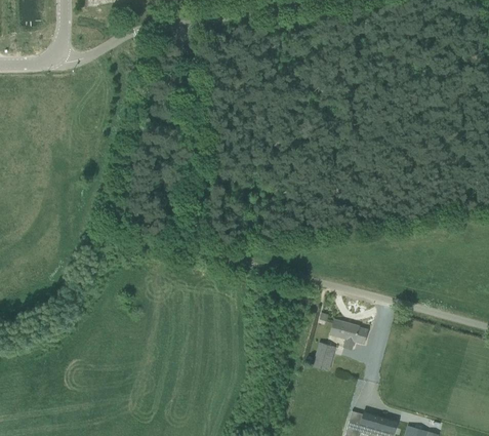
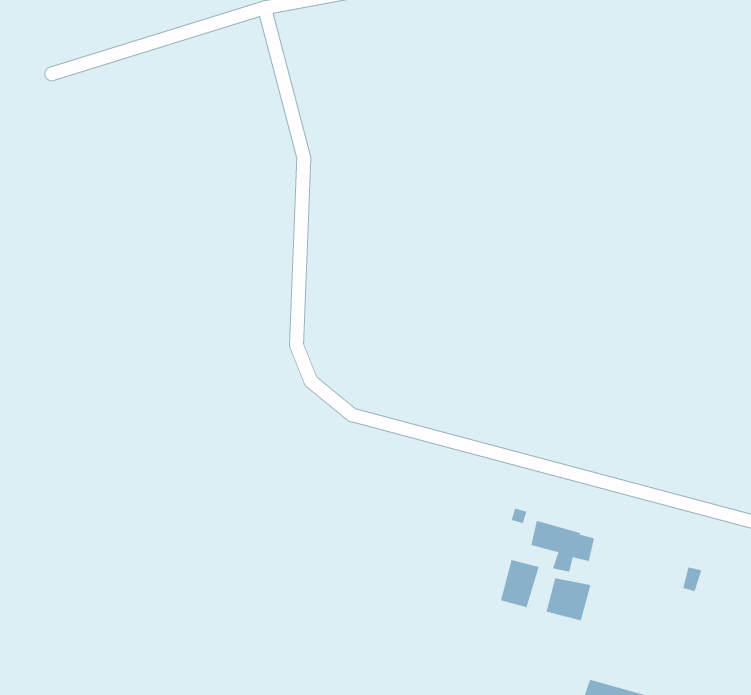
building: none -> [546,577,591,621]

